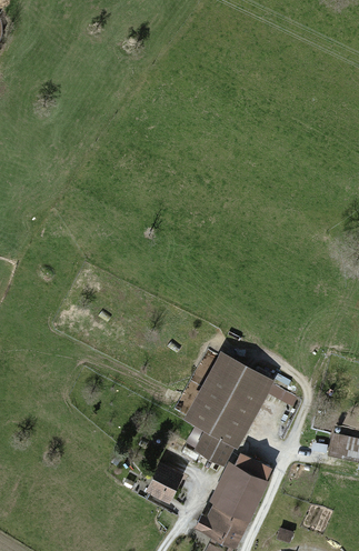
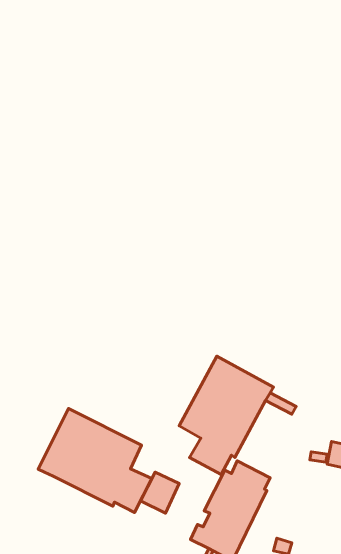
building: none -> [38,409,152,512]

